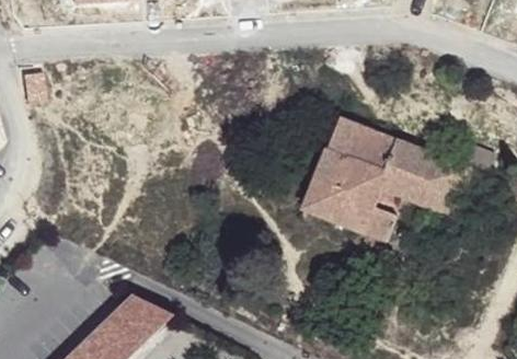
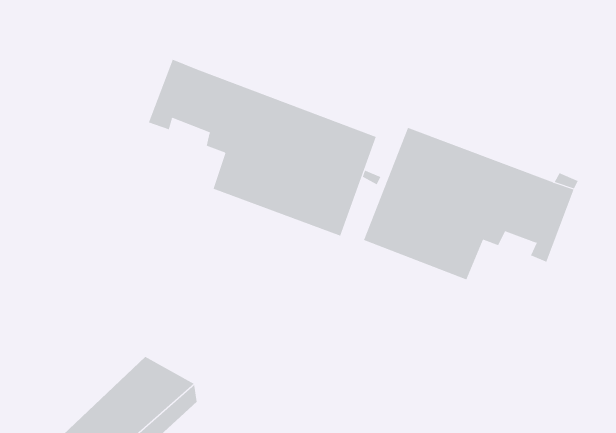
building: none -> [148,59,376,236]

